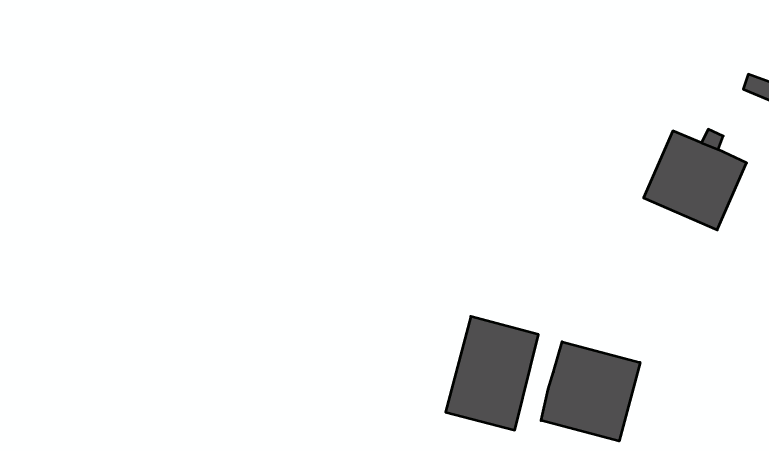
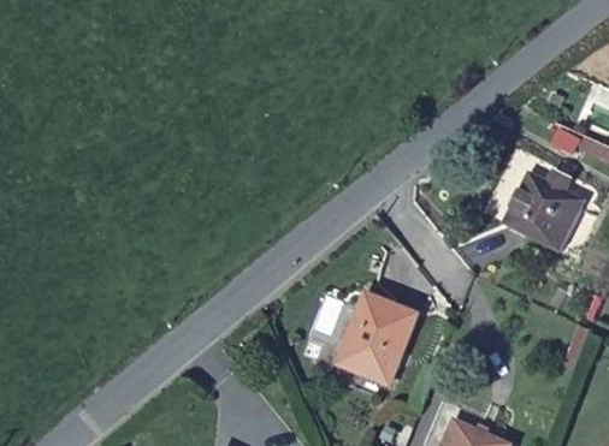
building: [541,342,640,441] -> none

